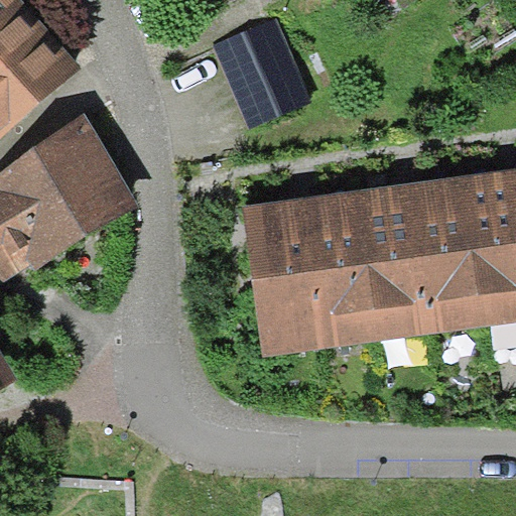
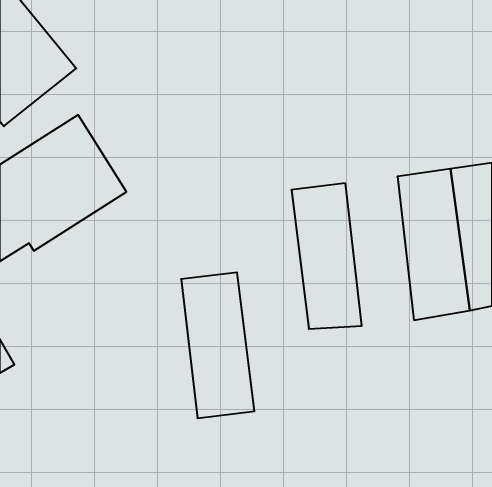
building: [215,15,313,123] -> none
building: [361,184,432,341] -> none
building: [246,199,322,351] -> [181,272,254,418]

